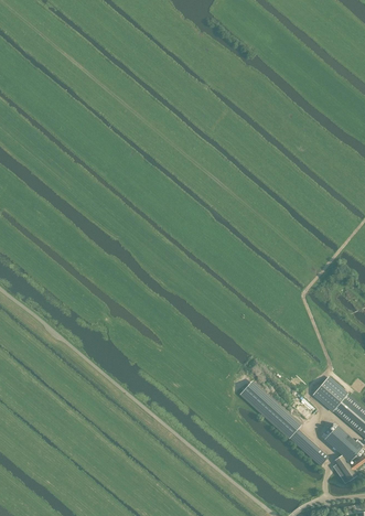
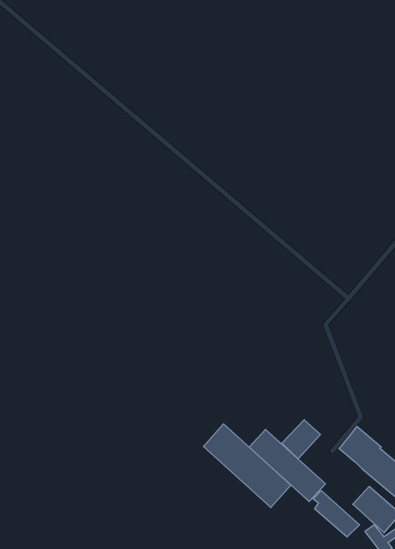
building: none -> [282,420,320,459]
building: none -> [203,424,291,508]

